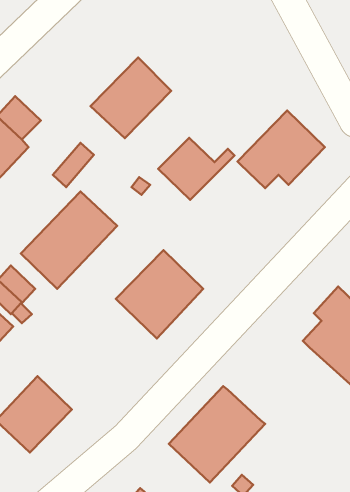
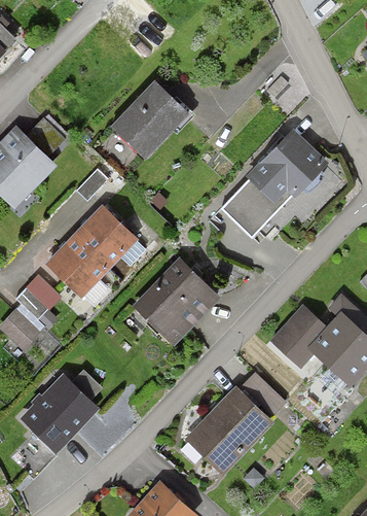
building: [158,138,234,200] -> [222,180,293,238]
building: none -> [269,304,327,368]
building: none -> [240,374,286,419]

